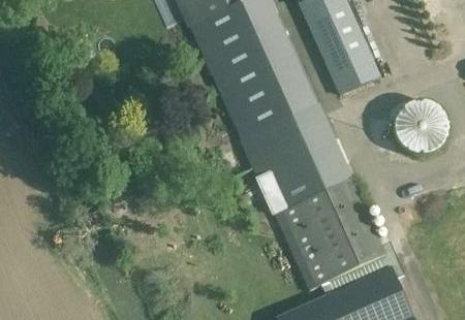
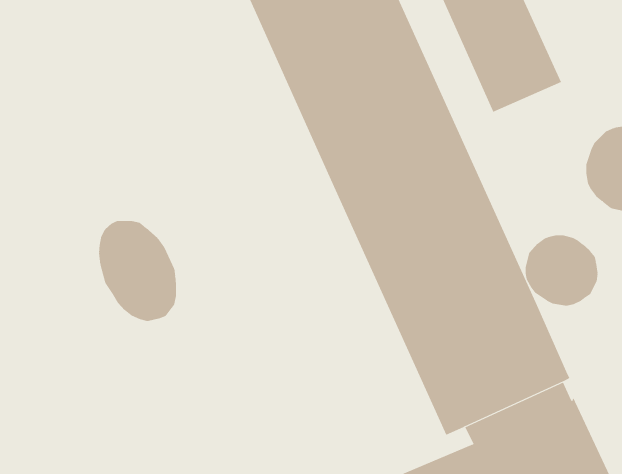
building: none -> [99,220,177,322]
building: none -> [525,235,598,306]

